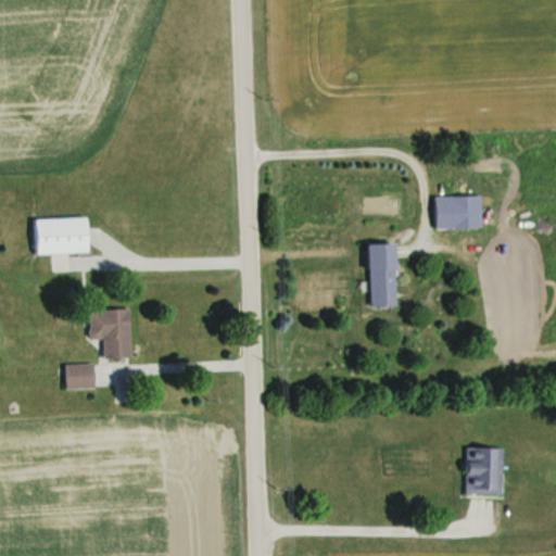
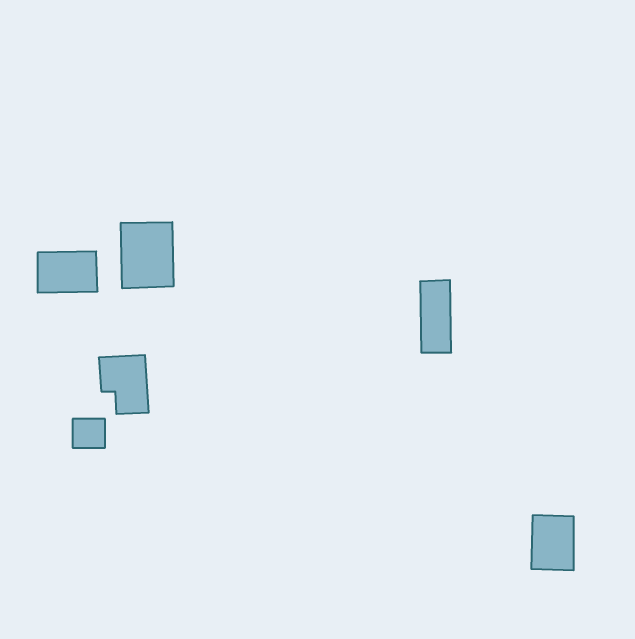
building: none -> [121,222,173,288]
building: [442,195,482,227] -> none

